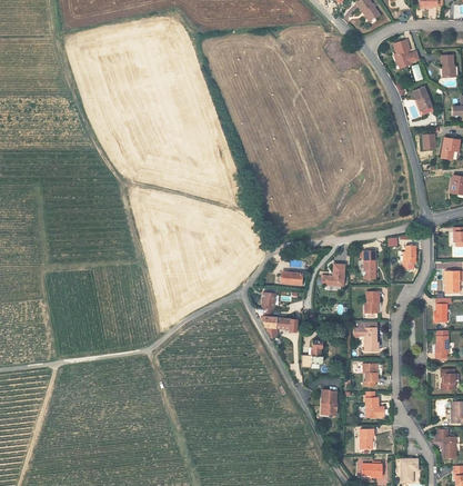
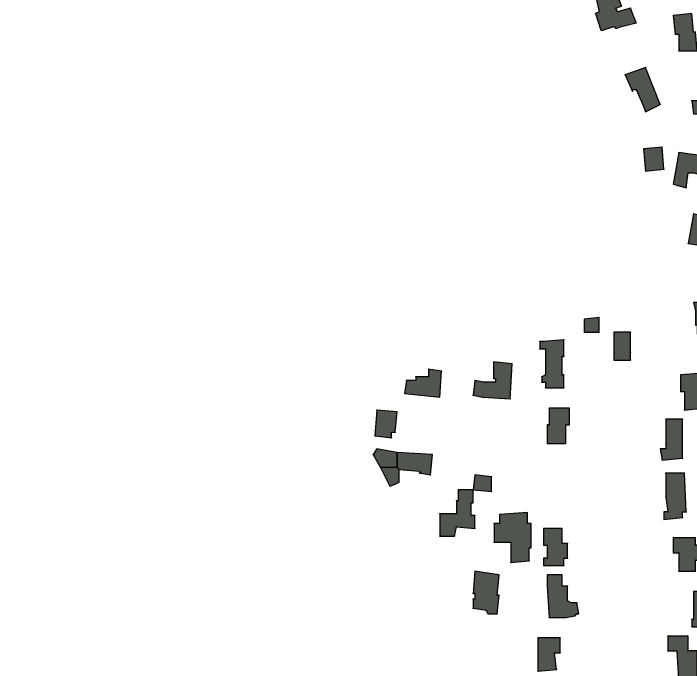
building: [354,321,376,351] -> [494,513,531,563]

